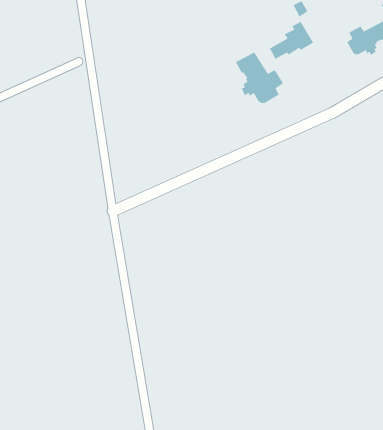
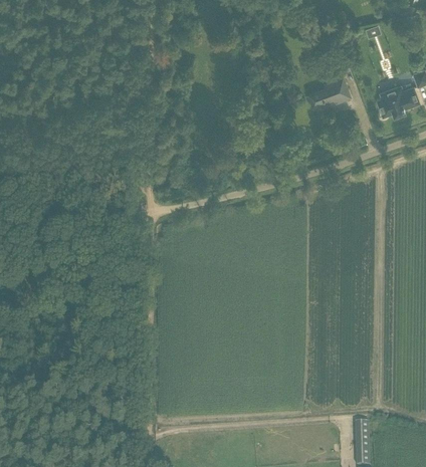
building: [235,51,284,104] -> none

